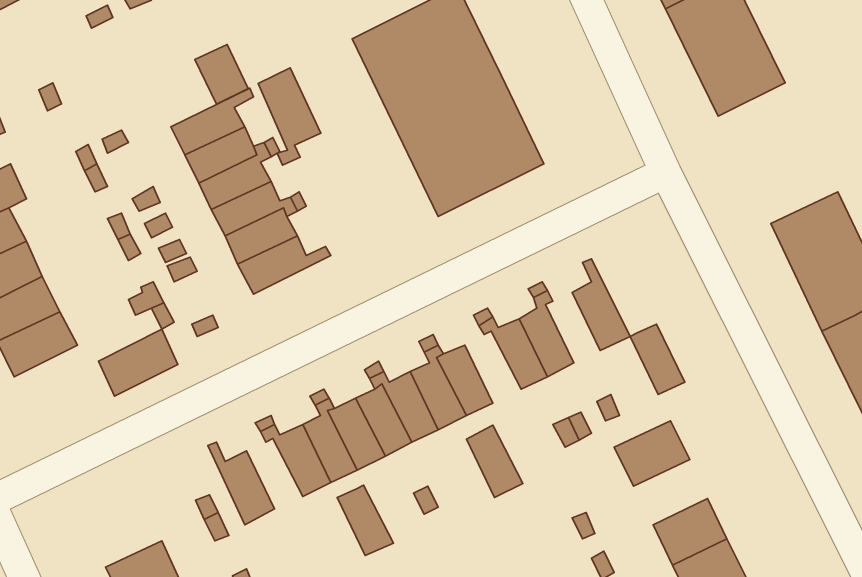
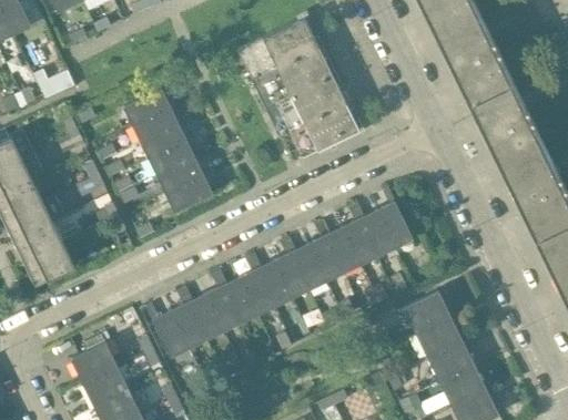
building: [195,44,248,104] -> none
building: [258,68,321,165] -> none
building: none -> [468,79,544,167]
building: [630,324,685,394] -> [359,211,394,255]
building: [99,329,178,396] -> [24,244,74,286]
building: [466,425,523,497] -> [308,235,344,280]
building: none -> [415,316,462,357]
building: [337,485,393,556] -> [171,303,206,347]
building: none -> [71,342,118,383]

